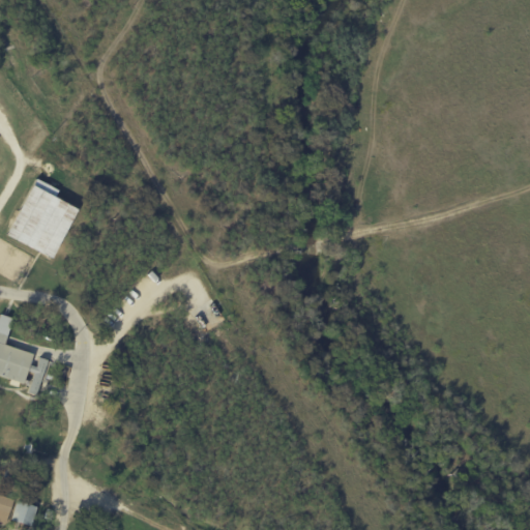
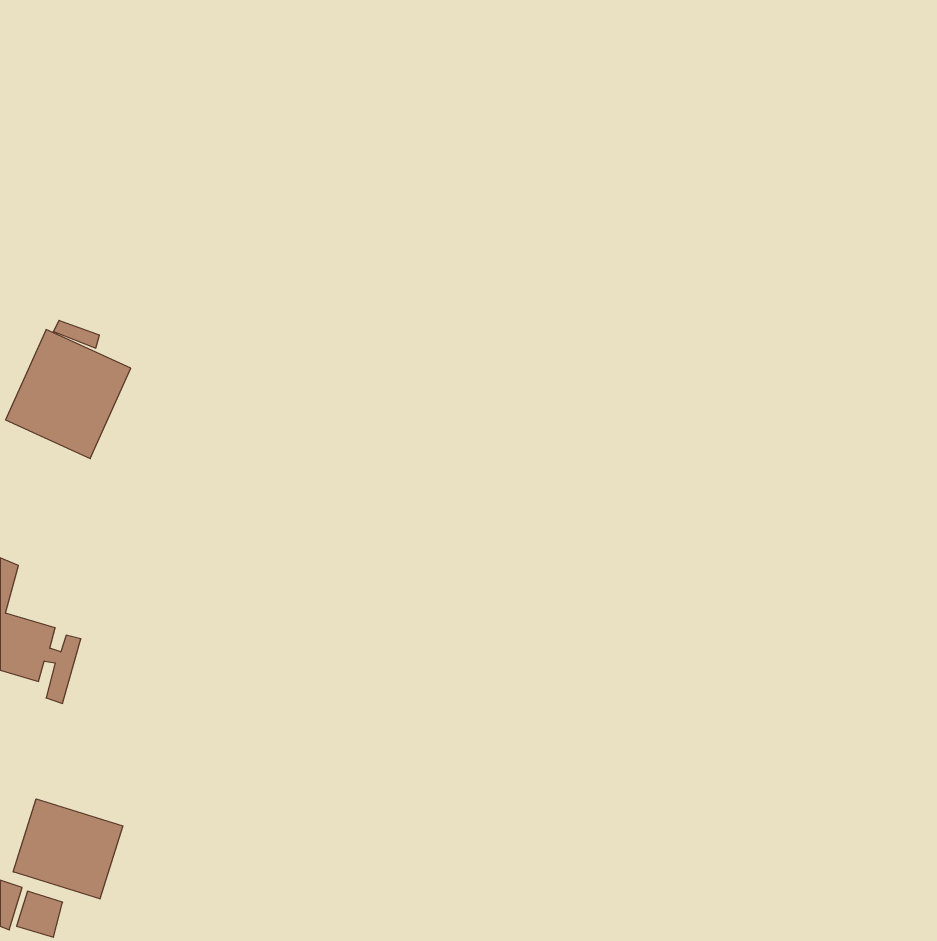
building: none -> [13,799,123,899]

